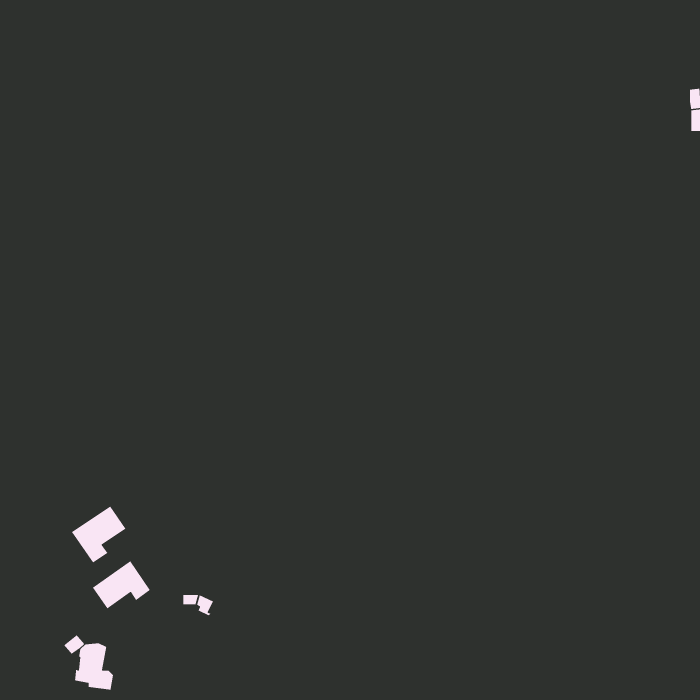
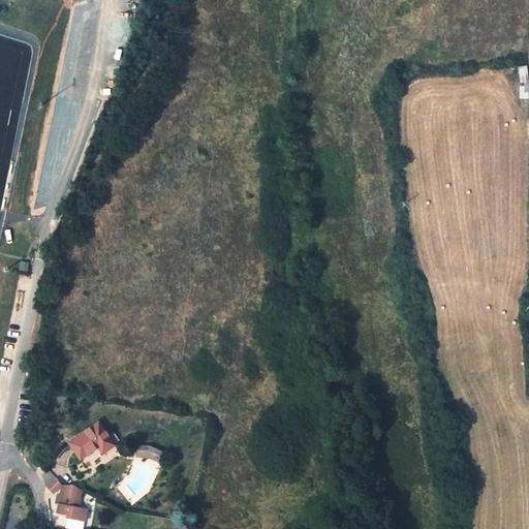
building: [71,506,127,563] -> none

